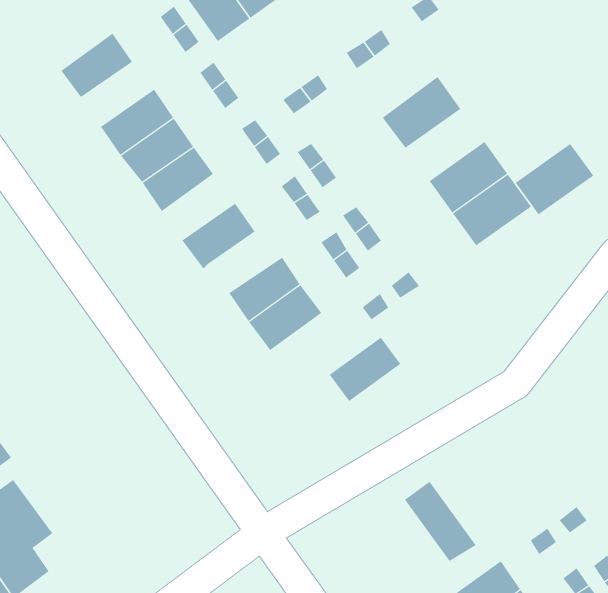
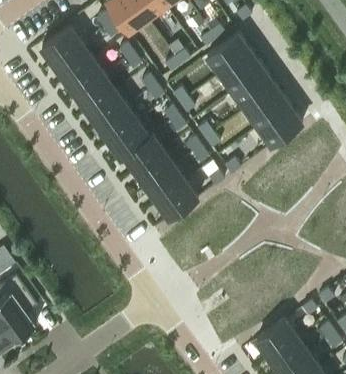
building: none -> [207,35,250,75]
building: none -> [52,44,93,80]
building: [515,143,594,215] -> [232,70,276,110]
building: none -> [97,106,138,143]
building: none -> [123,136,164,172]
building: [329,337,401,402] -> [157,183,197,219]
building: [404,481,476,562] -> none

